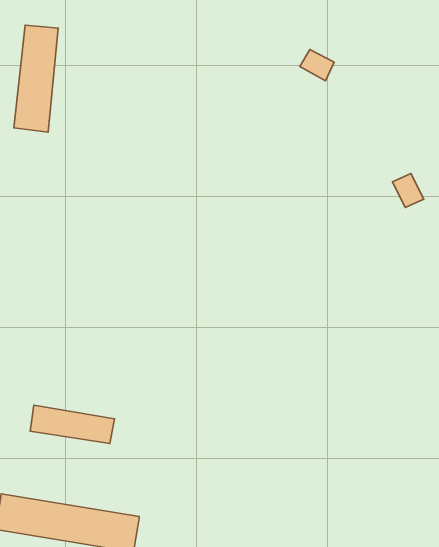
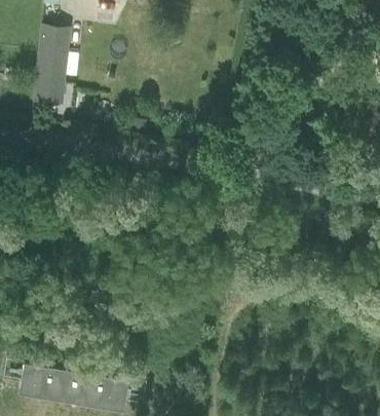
building: [30,405,114,444] -> none

